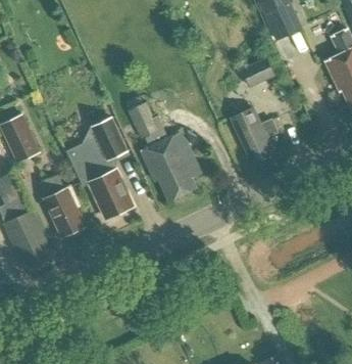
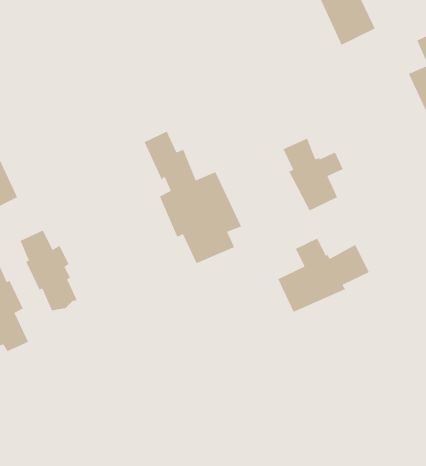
building: [242,57,273,86] -> none
building: [67,117,134,218] -> none
building: none -> [277,237,370,313]

